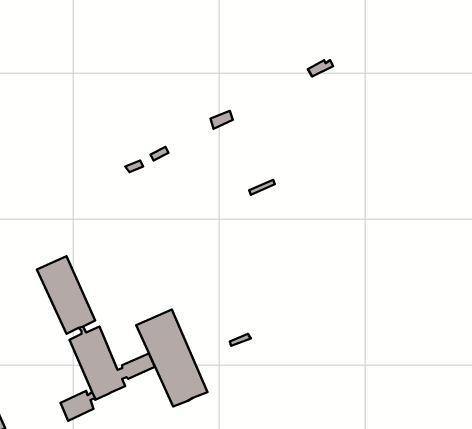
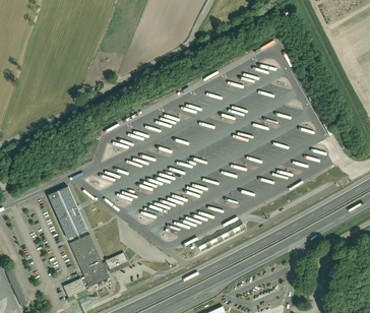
building: [136,309,208,407] -> none

